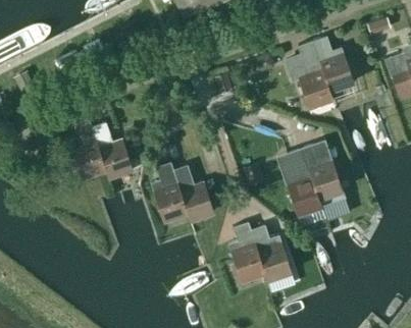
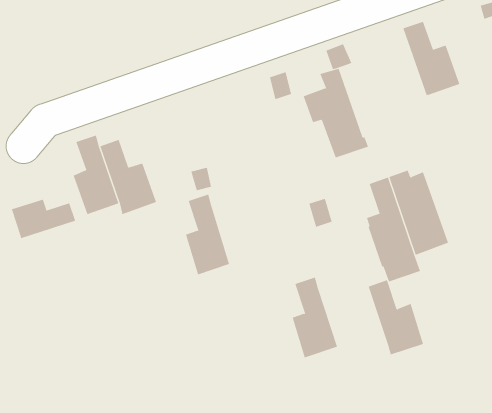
building: [286,42,333,107] -> [303,68,369,158]
building: [173,165,214,220] -> none
building: none -> [11,199,76,239]
building: [251,225,292,280] -> [368,279,424,355]

